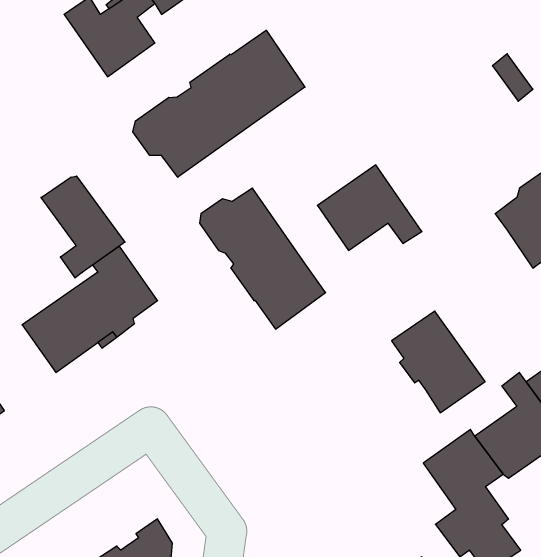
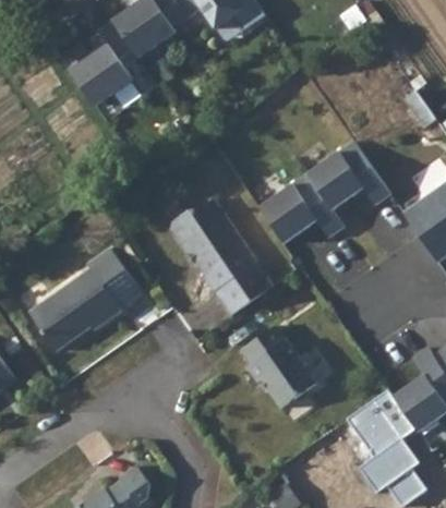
building: [133,30,305,177] -> none
building: none -> [311,147,394,216]
building: [41,176,125,278] -> none
building: [392,311,485,413] -> [241,322,316,403]

